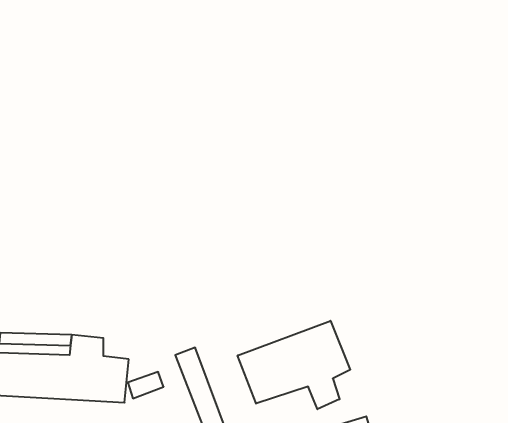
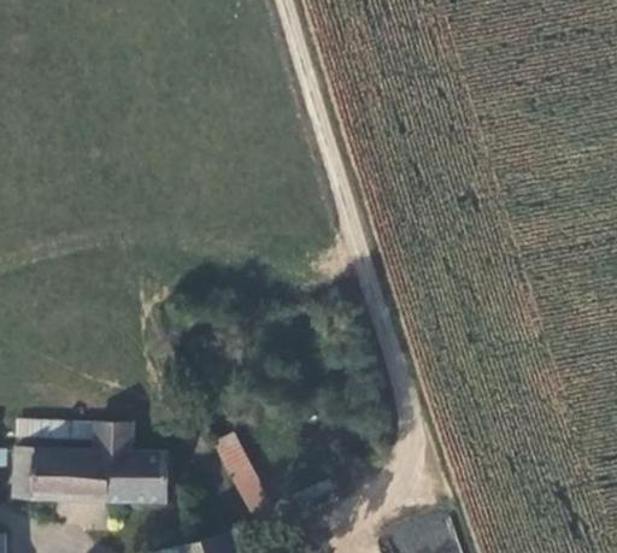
building: [238,321,350,409] -> none

